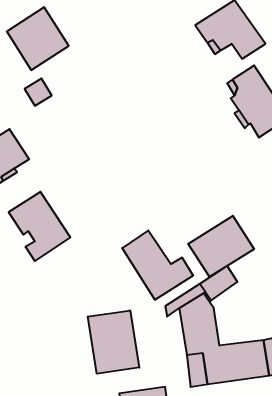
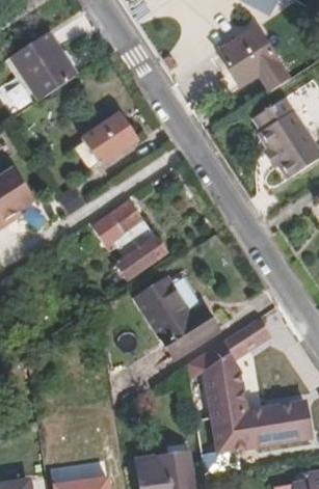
building: none -> [83,113,137,164]
building: [9,192,70,261] -> [97,199,165,276]
building: [188,216,254,277] -> none
building: [88,310,139,374] -> none

